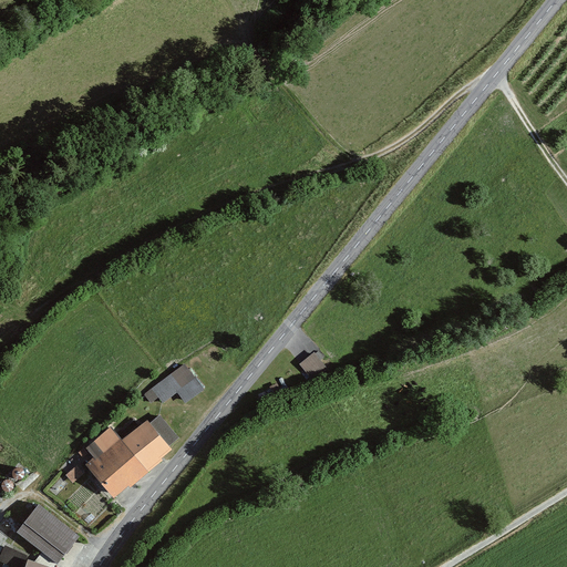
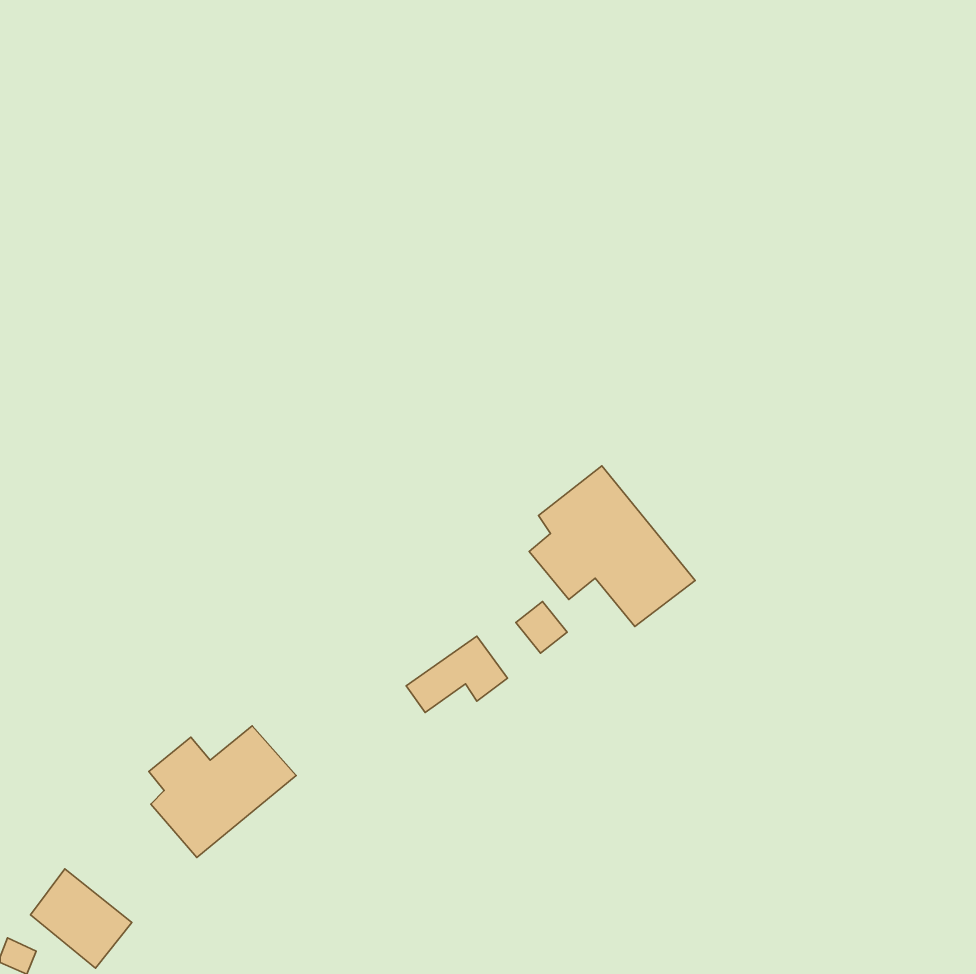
building: none -> [529,466,695,626]
building: [143,364,202,409] -> [406,636,507,713]

